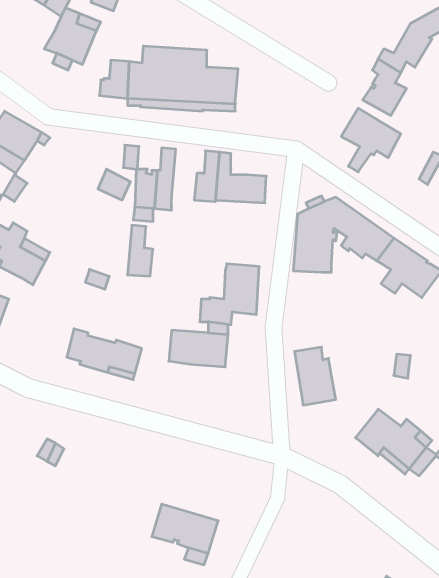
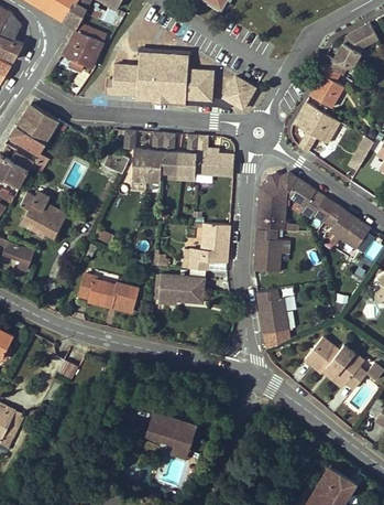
building: none -> [223,77,254,105]
building: [127,225,153,276] -> [161,135,180,174]
building: none -> [253,229,290,271]

